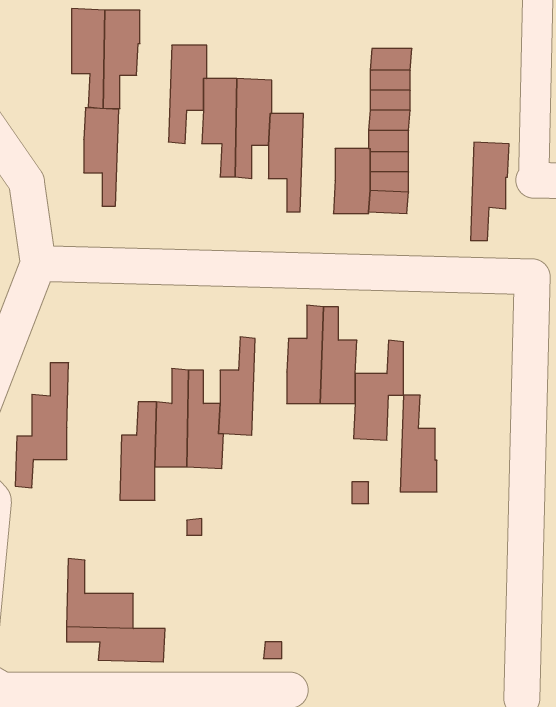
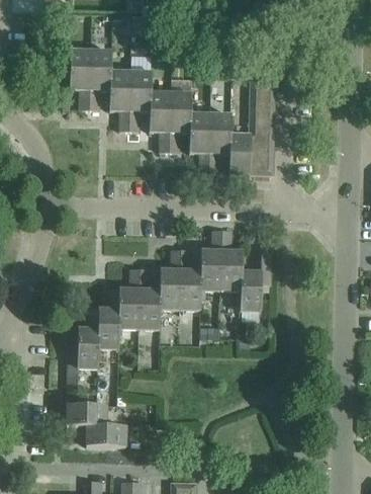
building: [84,108,119,206] -> [109,70,130,130]
building: [471,142,509,241] -> [208,112,231,172]
building: [15,363,69,488] -> [68,308,100,384]
building: [400,395,437,492] -> [179,249,201,308]

